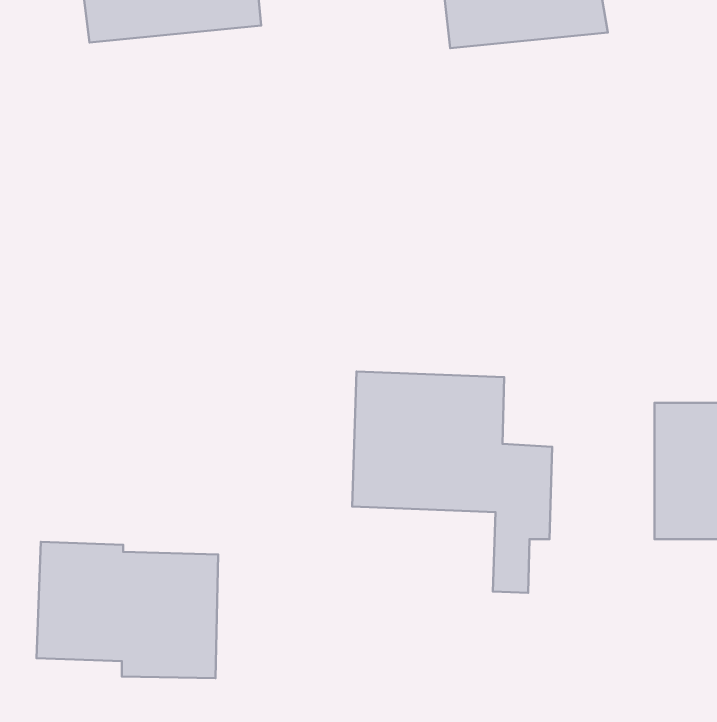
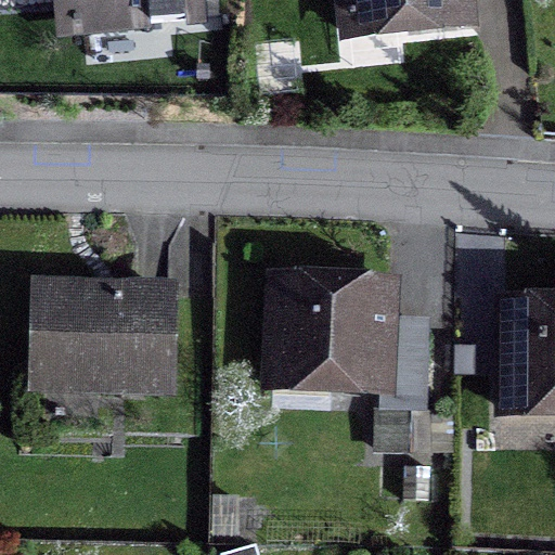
building: [37,542,218,678] -> [36,288,175,392]

